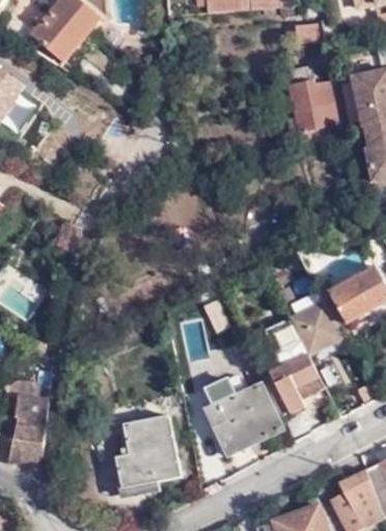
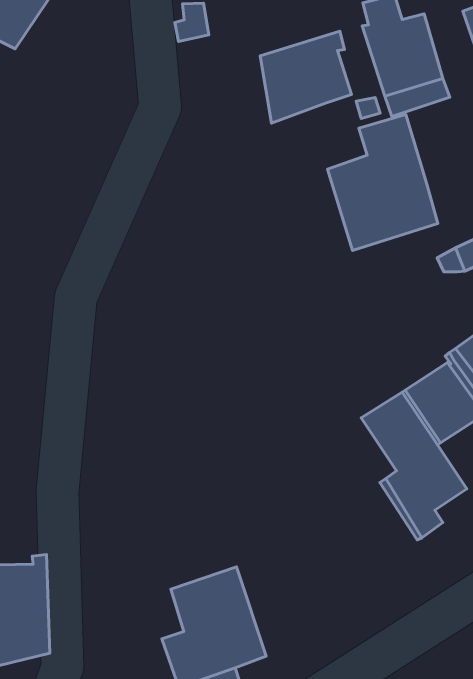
building: none -> [260,31,351,123]
building: none -> [327,114,438,250]
building: [202,381,280,454] -> none

